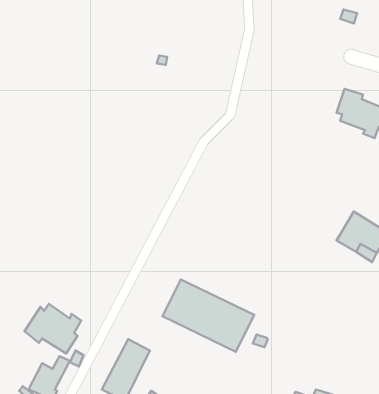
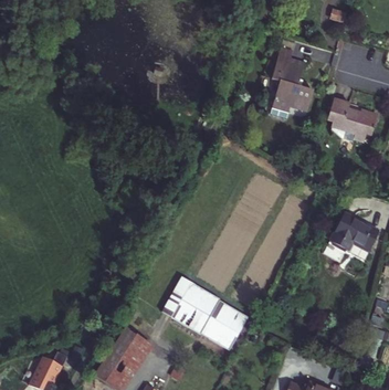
building: none -> [272,52,315,110]
building: [24,304,81,353] -> none

